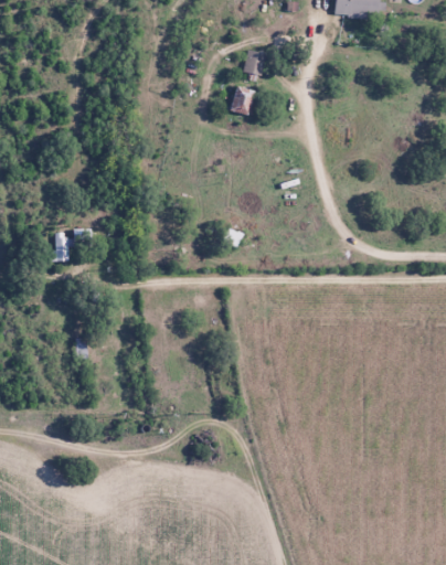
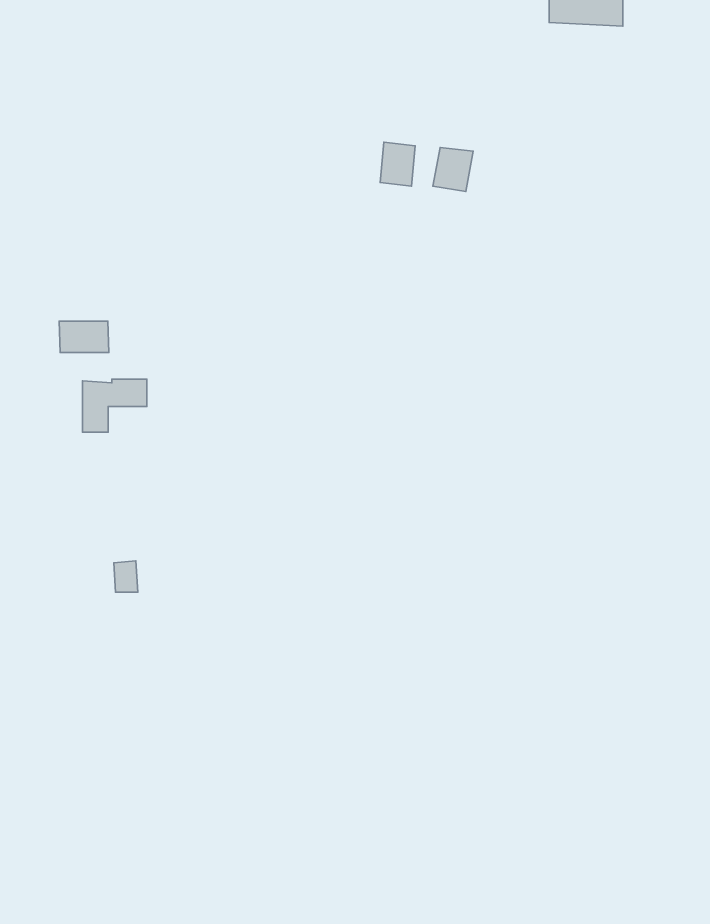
building: [243,49,267,75] -> [433,148,473,192]
building: none -> [59,321,109,353]

